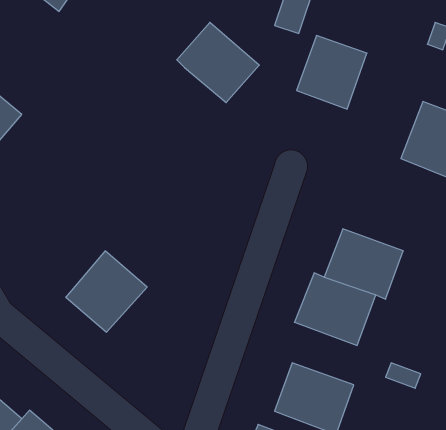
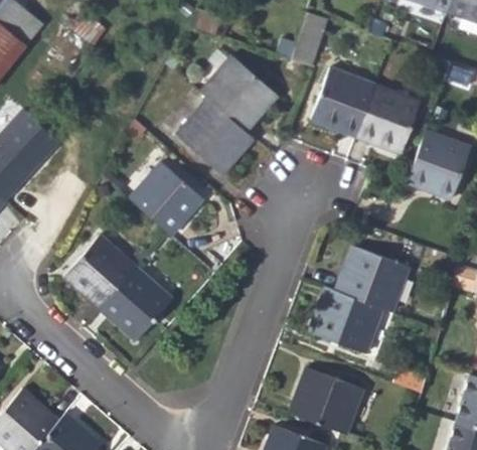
building: none -> [356,85,420,152]
building: none -> [176,98,255,173]
building: none -> [129,161,203,235]
building: none -> [63,235,135,308]

